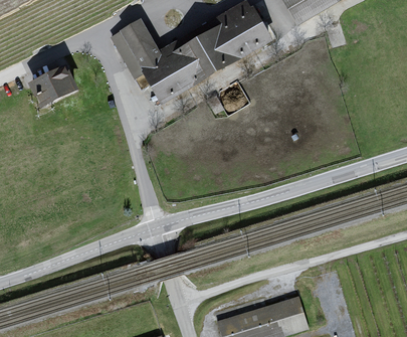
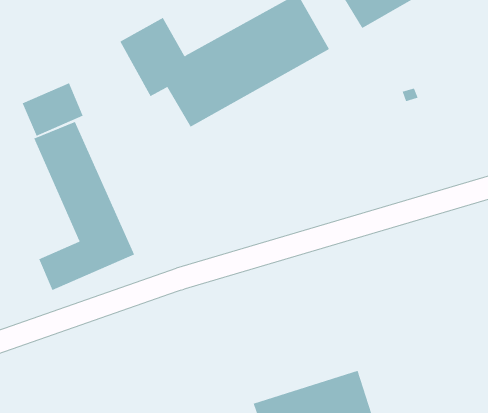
building: none -> [34,121,135,291]

